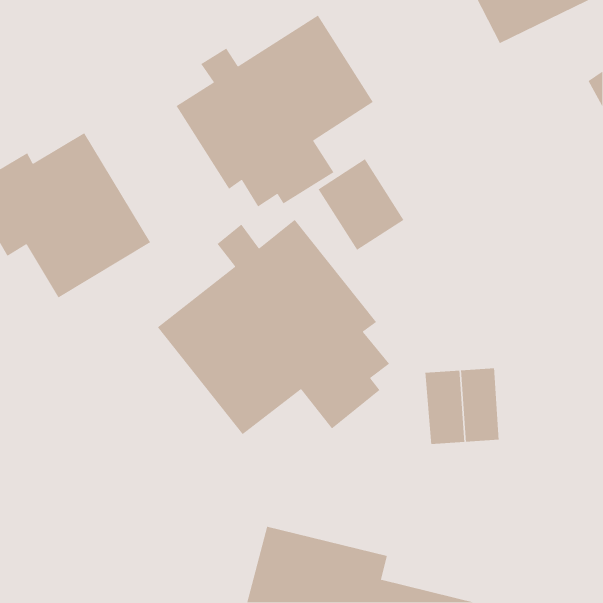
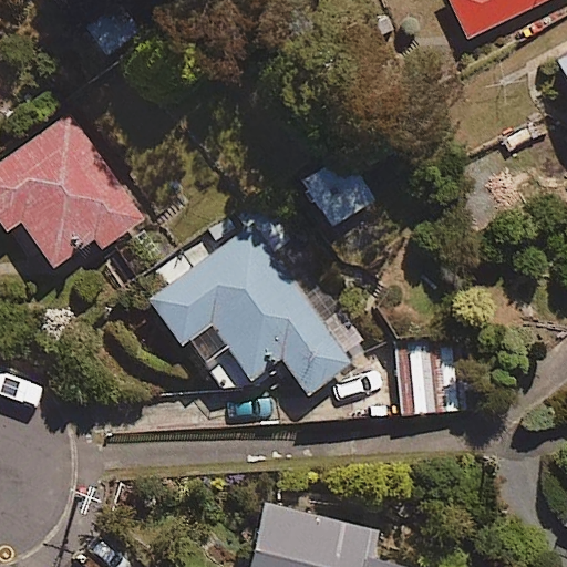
building: [175,14,374,208] -> none

